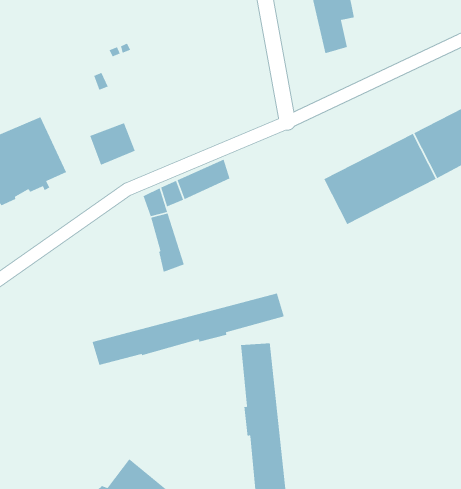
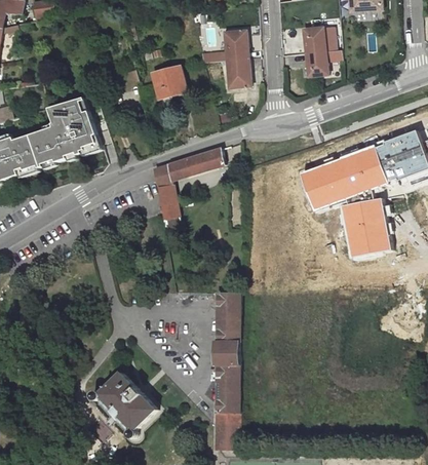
building: none -> [223,32,250,87]
building: [89,122,136,166] -> [151,66,186,98]
building: none -> [337,198,386,257]
building: [91,293,285,366] -> none

